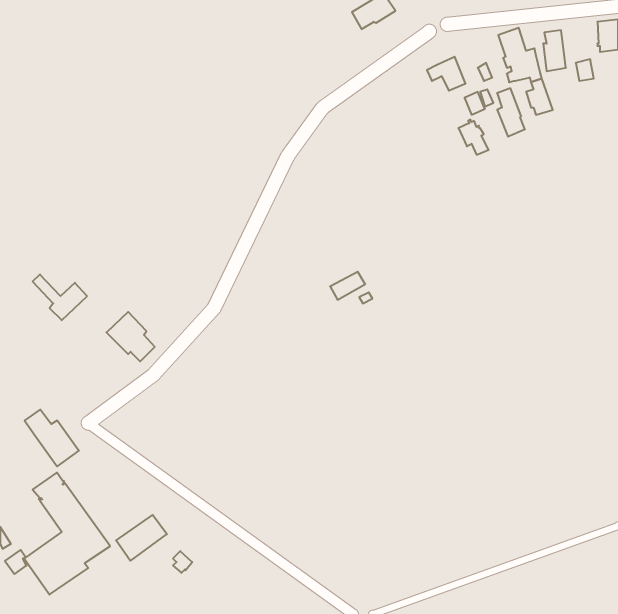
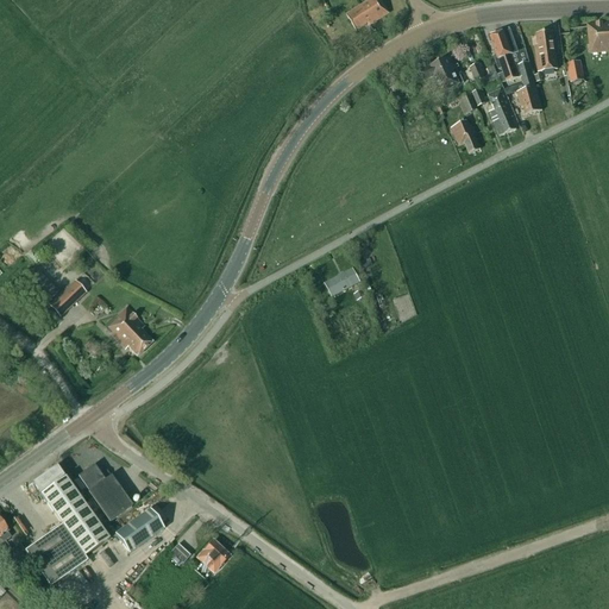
building: [25,410,79,466] -> [77,464,131,520]
building: none -> [196,539,228,571]

